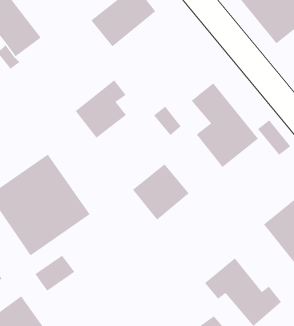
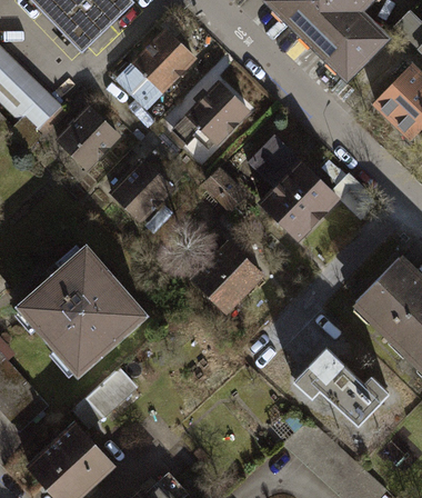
building: none -> [173,82,249,145]
building: none -> [58,108,119,169]

